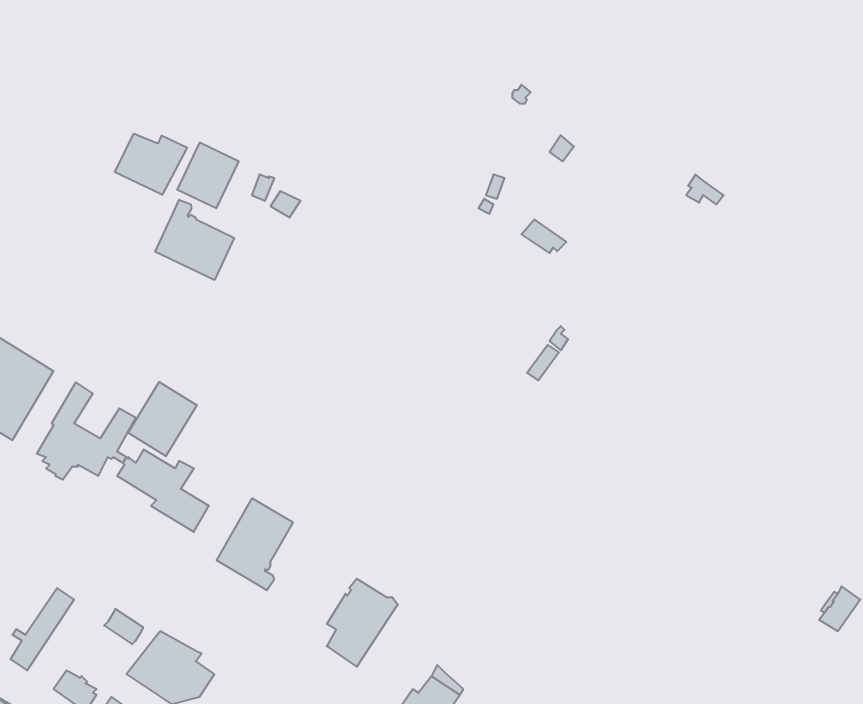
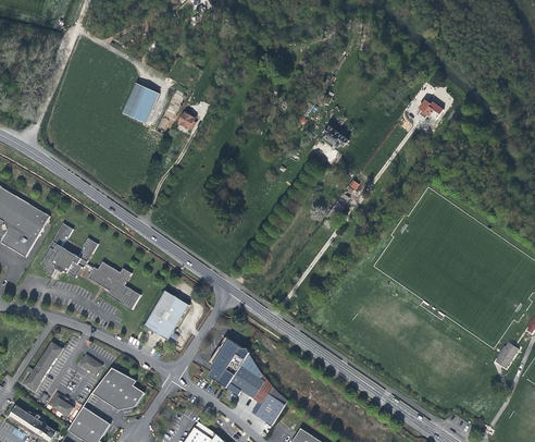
building: [115,134,187,195] -> none
building: [155,200,234,280] -> none
building: [128,382,197,456] -> none
building: none -> [226,354,265,400]

